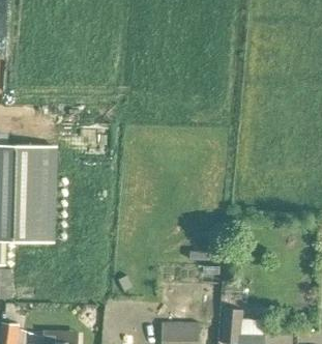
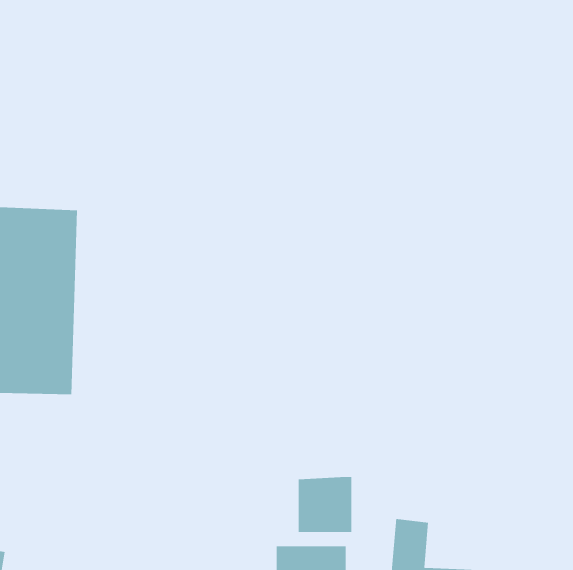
building: none -> [298,476,352,533]

